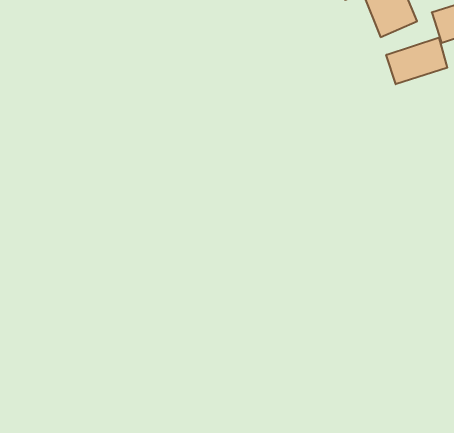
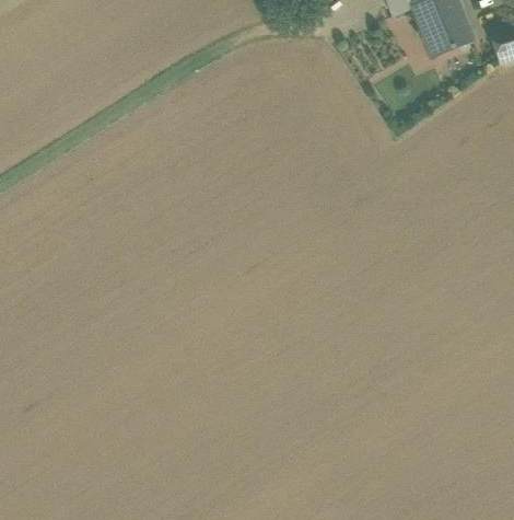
building: [386,38,447,84] -> none

